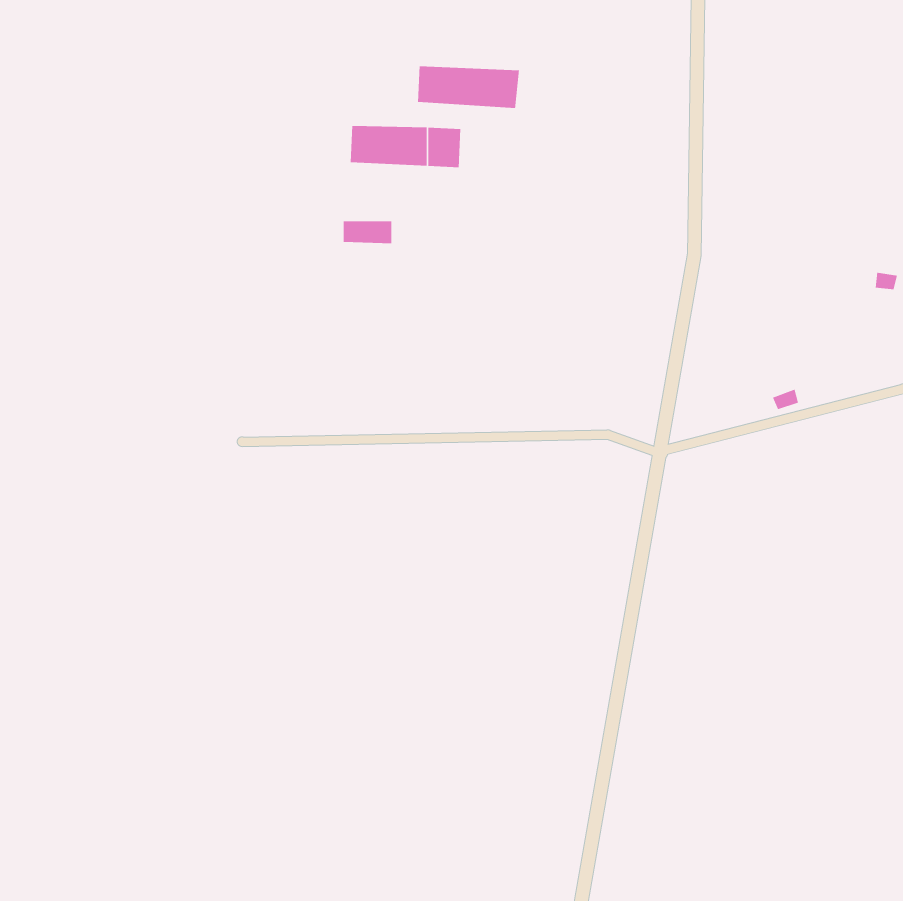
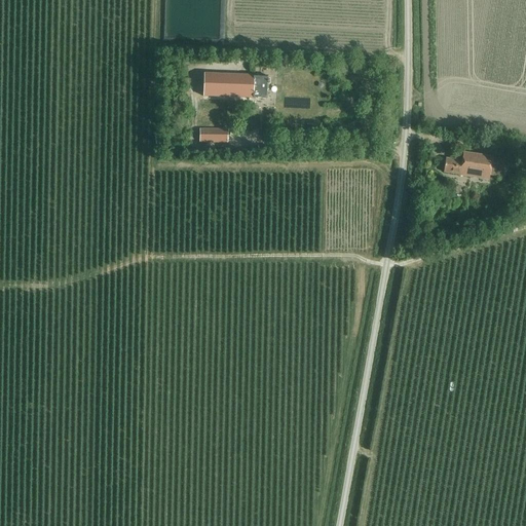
building: [418,65,520,109] -> none
building: none -> [443,152,499,178]

